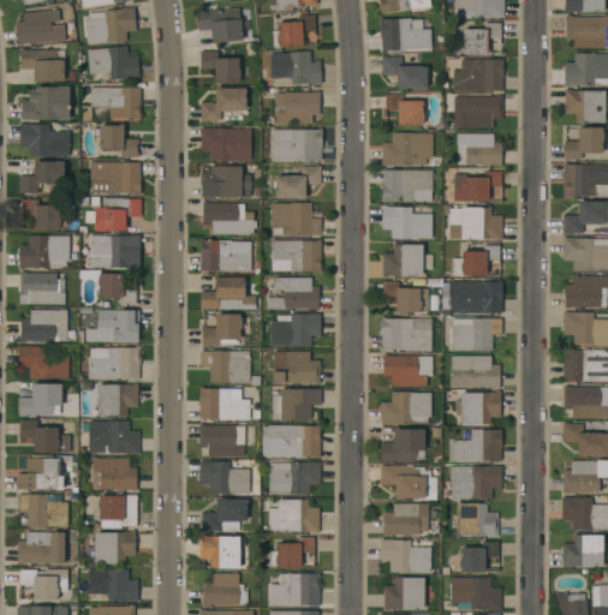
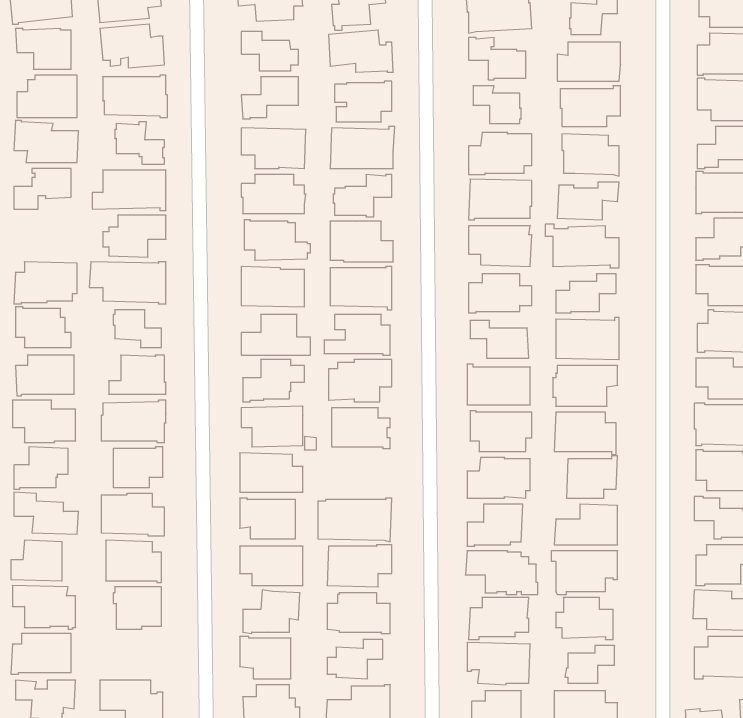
building: [22,199,61,229] -> none
building: [272,389,321,419] -> none
building: [88,531,136,565] -> none

